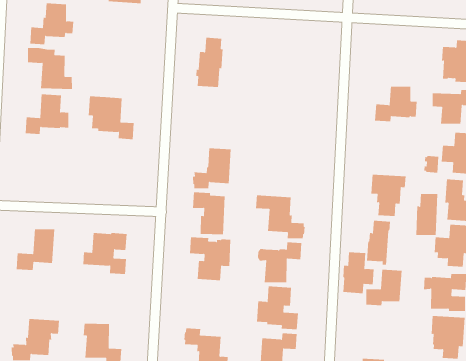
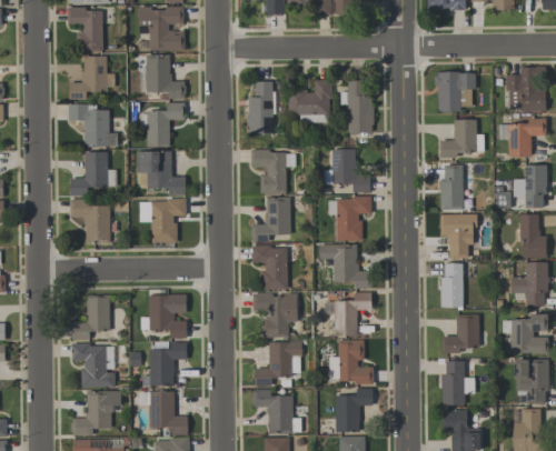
building: none -> [146,54,186,98]
building: none -> [435,71,475,111]
building: none -> [288,80,332,122]
building: none -> [340,80,374,134]
building: none -> [140,102,185,147]
building: none -> [250,150,295,193]
building: none -> [324,149,370,192]
building: none -> [69,199,109,243]
building: none -> [142,199,186,242]
building: none -> [329,197,371,240]
building: [416,194,438,236] -> [440,164,464,210]
building: [342,252,374,294] -> [441,361,475,404]
building: none -> [71,343,115,387]
building: none -> [142,342,187,387]
building: none -> [254,341,301,385]

